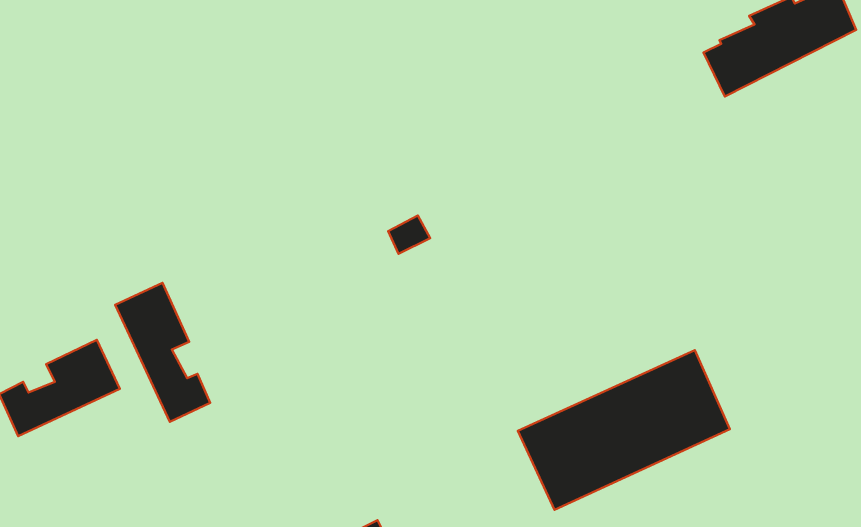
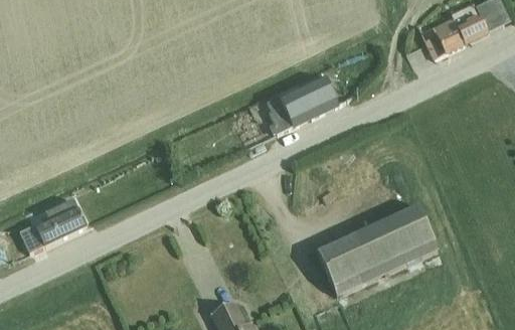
building: none -> [267,75,338,135]
building: [115,283,210,422] -> none

